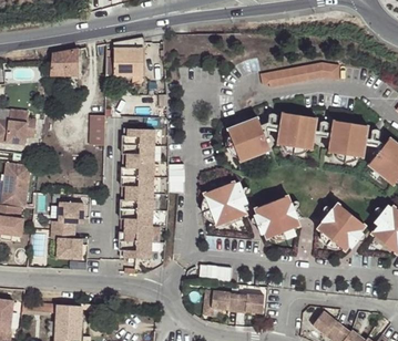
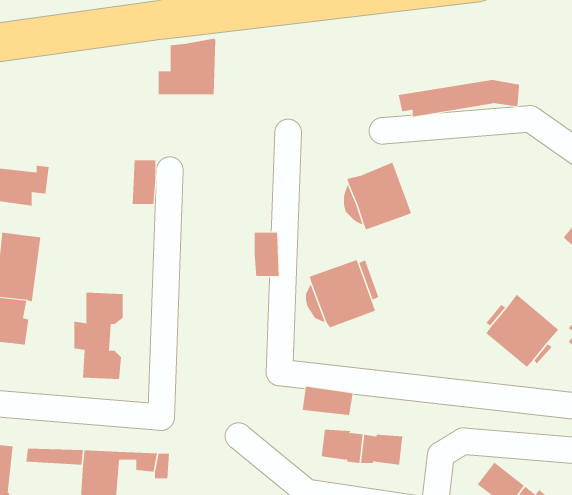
building: [49,49,78,75] -> none
building: [276,113,317,151] -> none
building: [328,122,367,159] -> none
building: [119,130,154,259] -> none
building: [254,195,299,238] -> none

